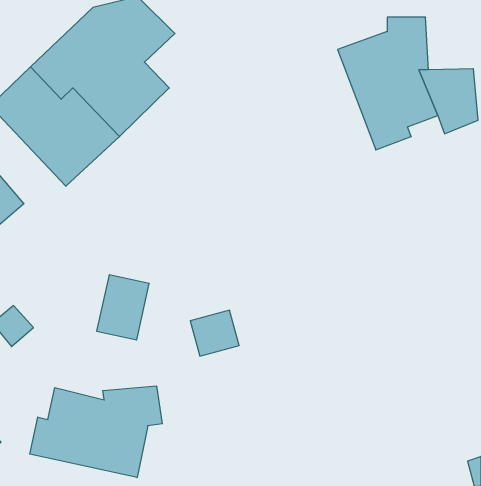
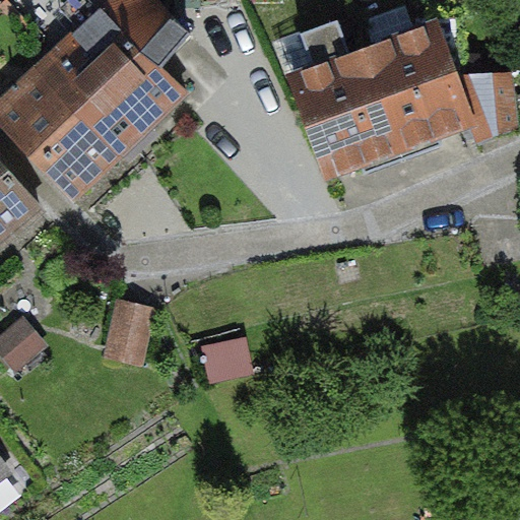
building: none -> [287,21,399,175]
building: [30,386,162,478] -> none

